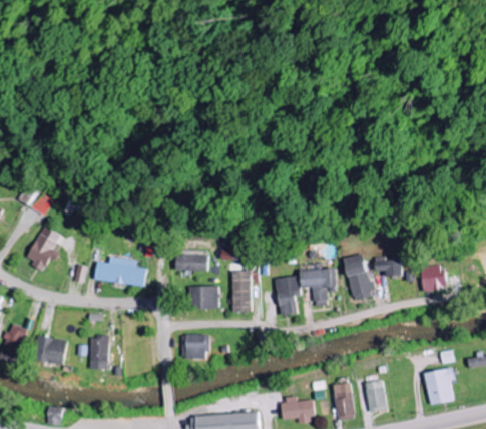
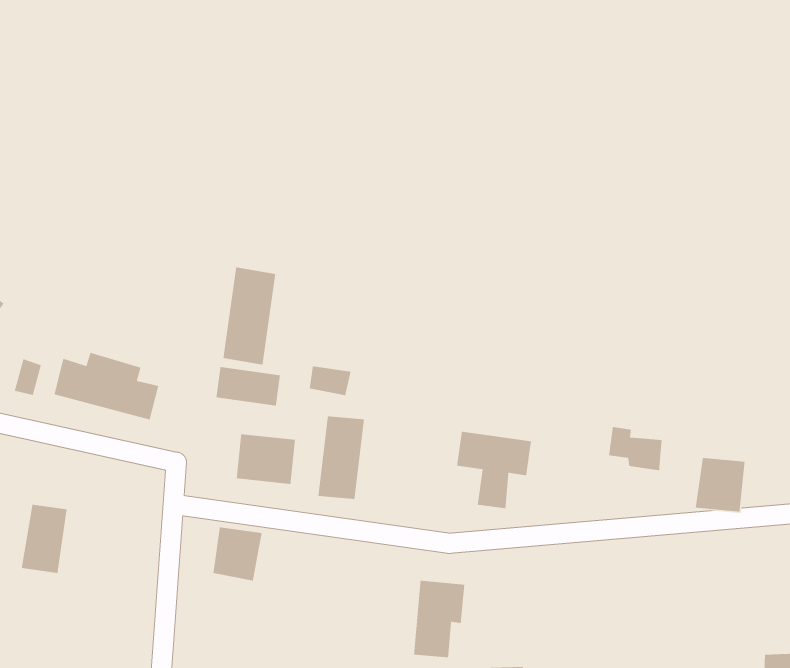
building: none -> [222,267,276,366]
building: [345,253,373,300] -> none
building: [278,276,302,315] -> [413,580,465,658]

